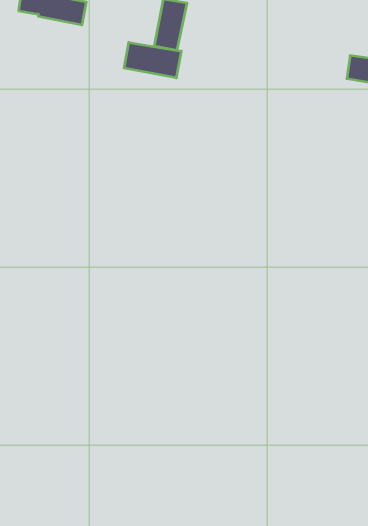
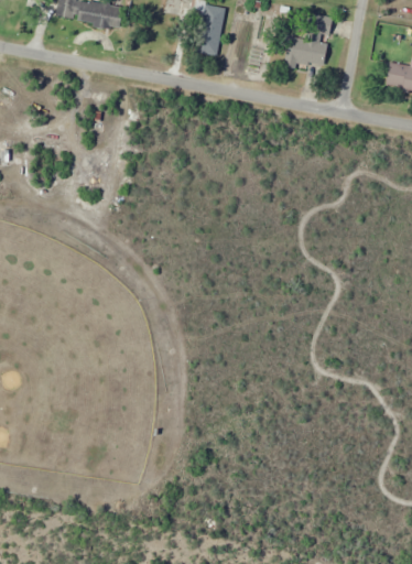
building: none -> [283,14,332,70]
building: [124,42,181,78] -> none

